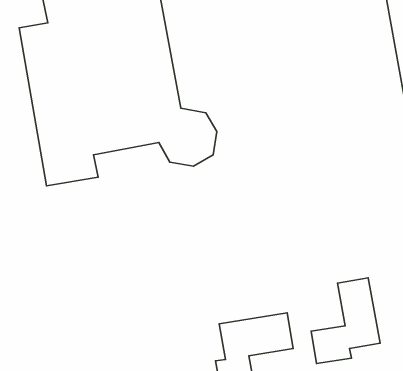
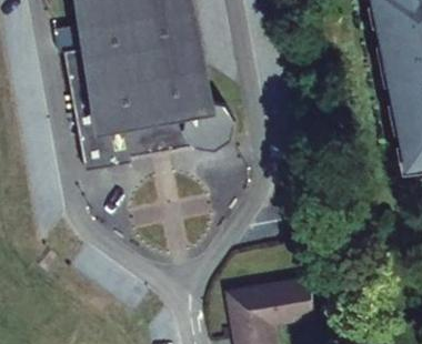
building: [311,278,380,364] -> none

